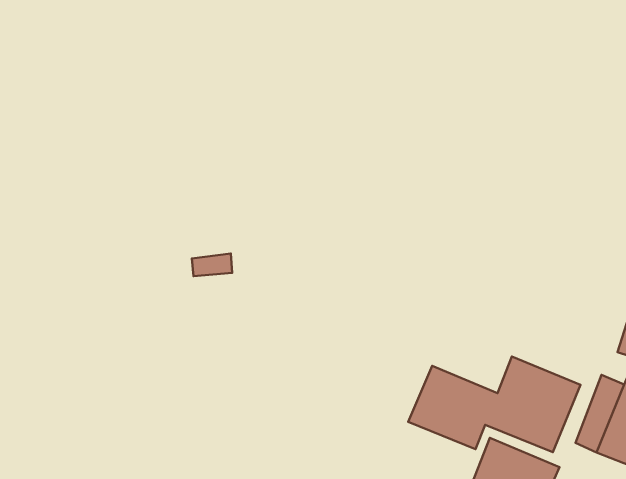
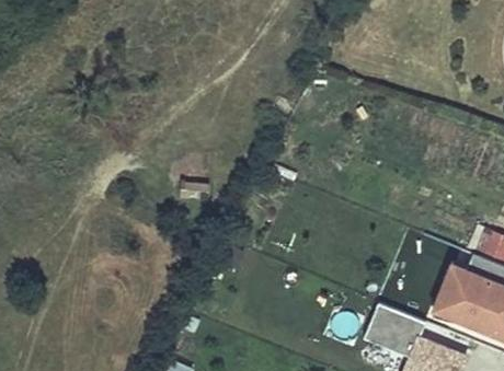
building: [408,357,581,452] -> none

